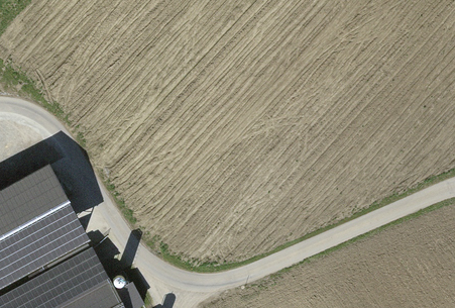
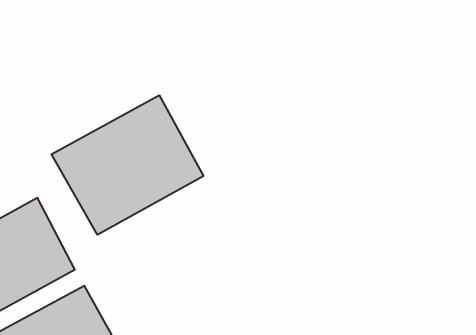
building: none -> [51,95,203,235]

